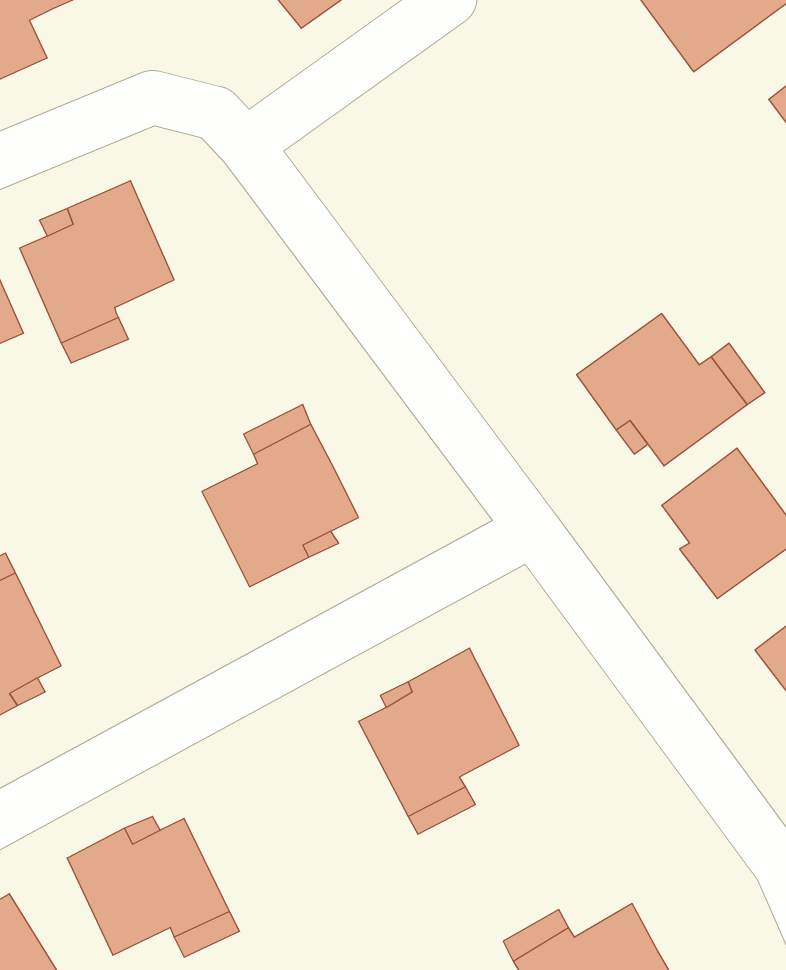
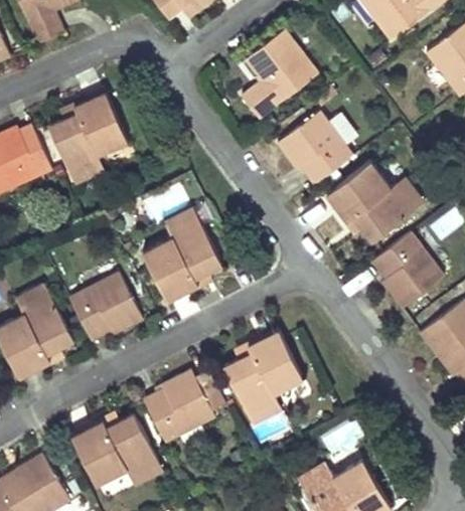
building: none -> [245,29,320,118]
building: none -> [279,110,355,182]
building: none -> [65,275,140,343]
building: none -> [141,370,213,444]

